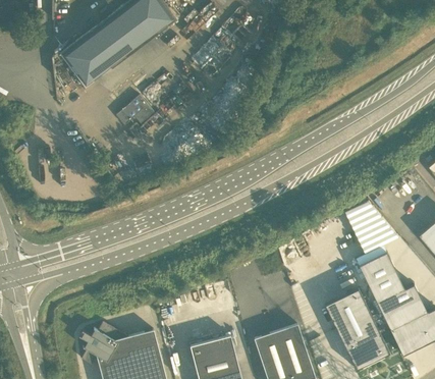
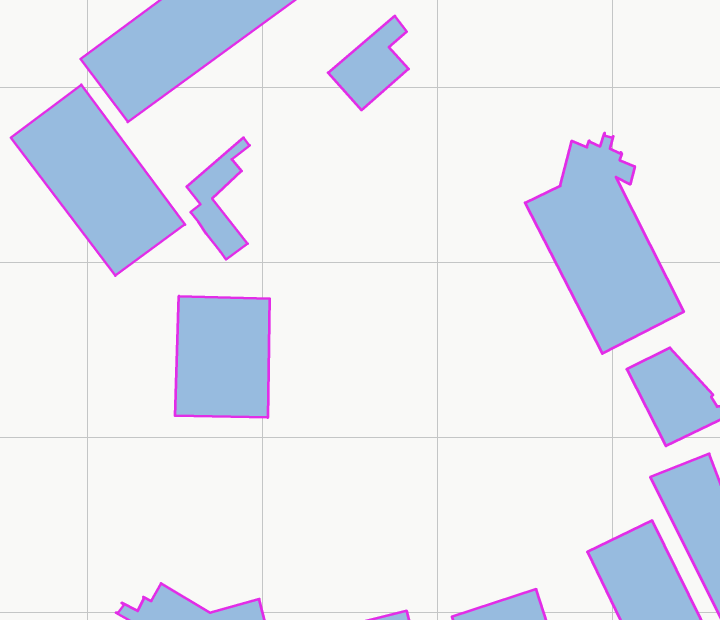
building: none -> [11,85,185,276]
building: none -> [525,133,684,354]
building: none -> [175,296,270,418]

